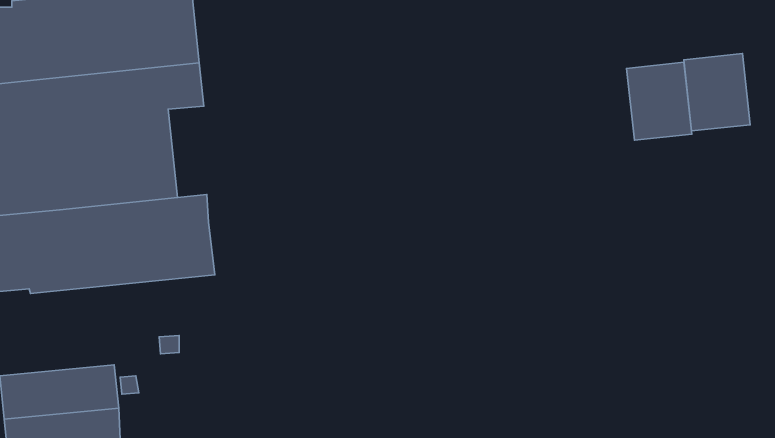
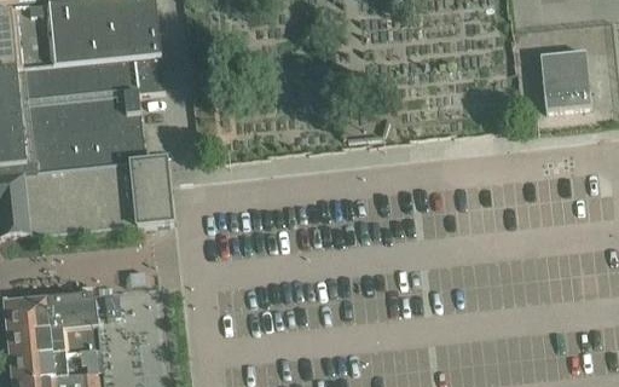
building: [627,62,692,140] -> none

